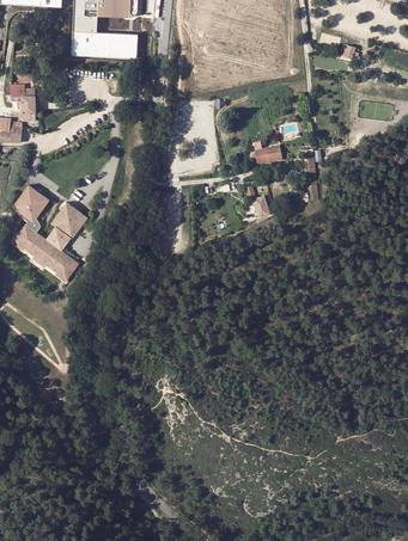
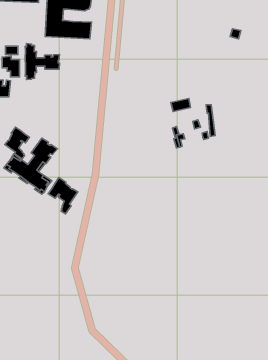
building: none -> [25,44,59,80]
building: none -> [48,178,78,214]

